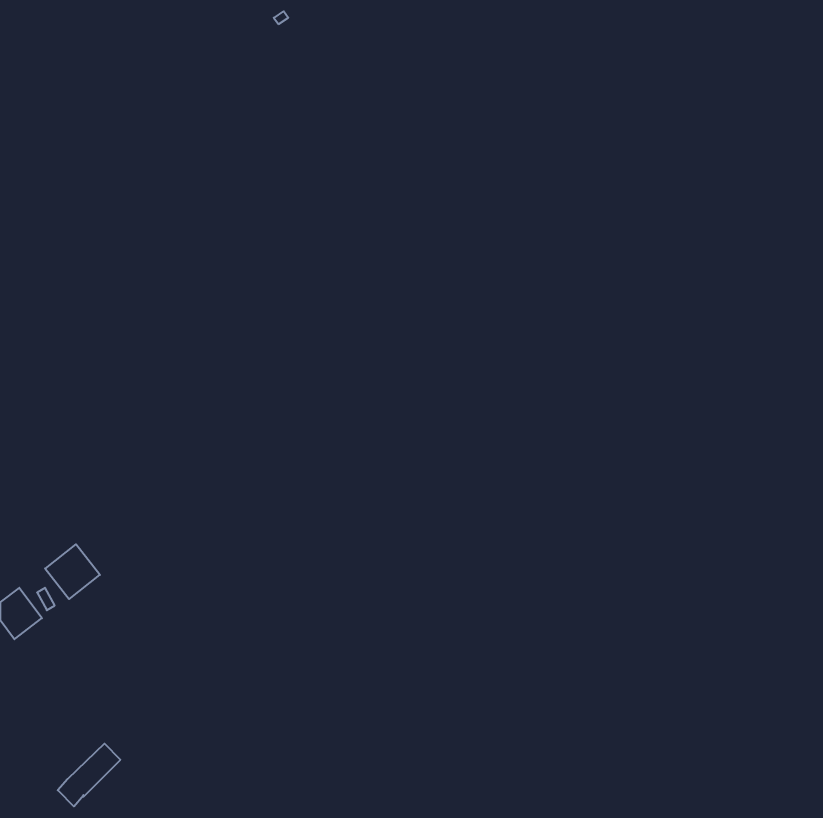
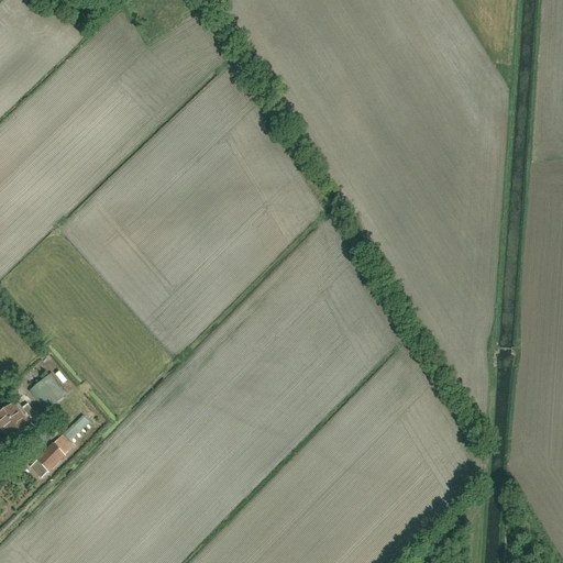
building: [58,744,120,806] -> [31,433,74,476]

